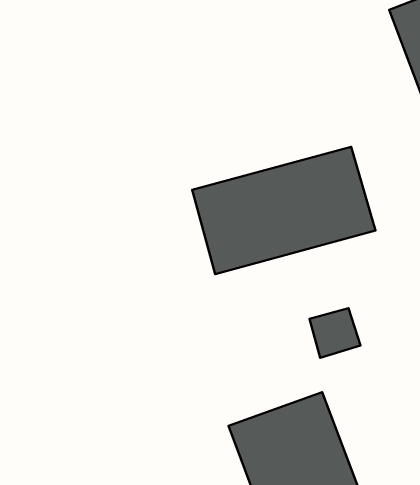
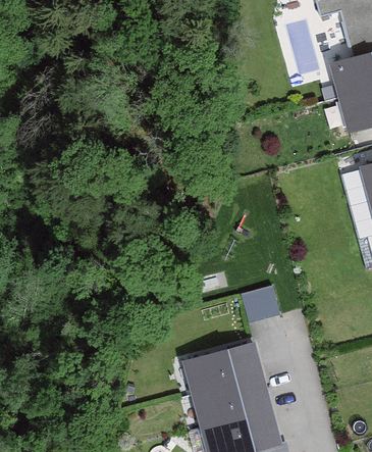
building: [192,147,375,274] -> none

